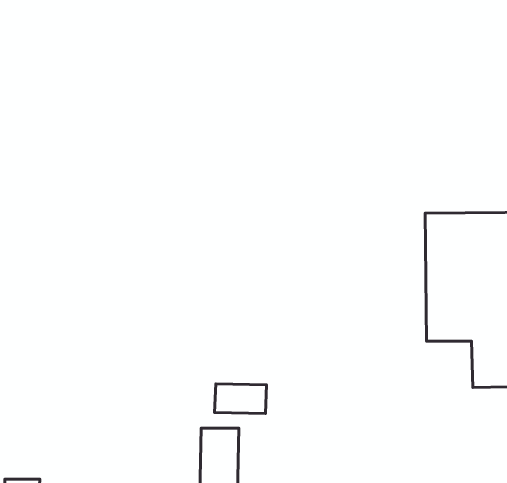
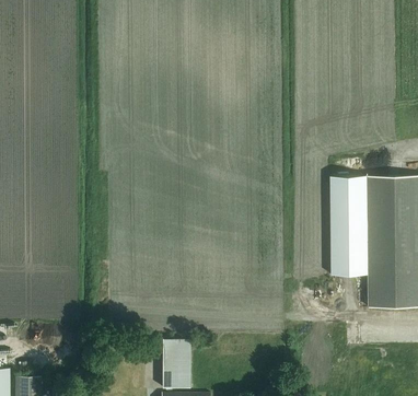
building: [215,384,267,413] -> none

